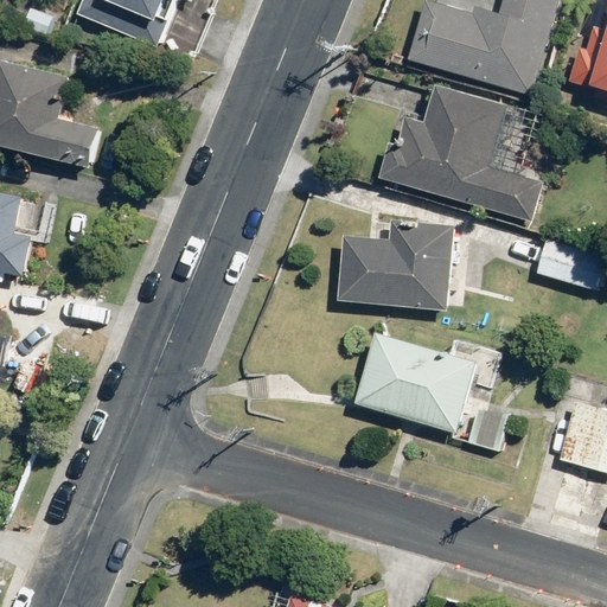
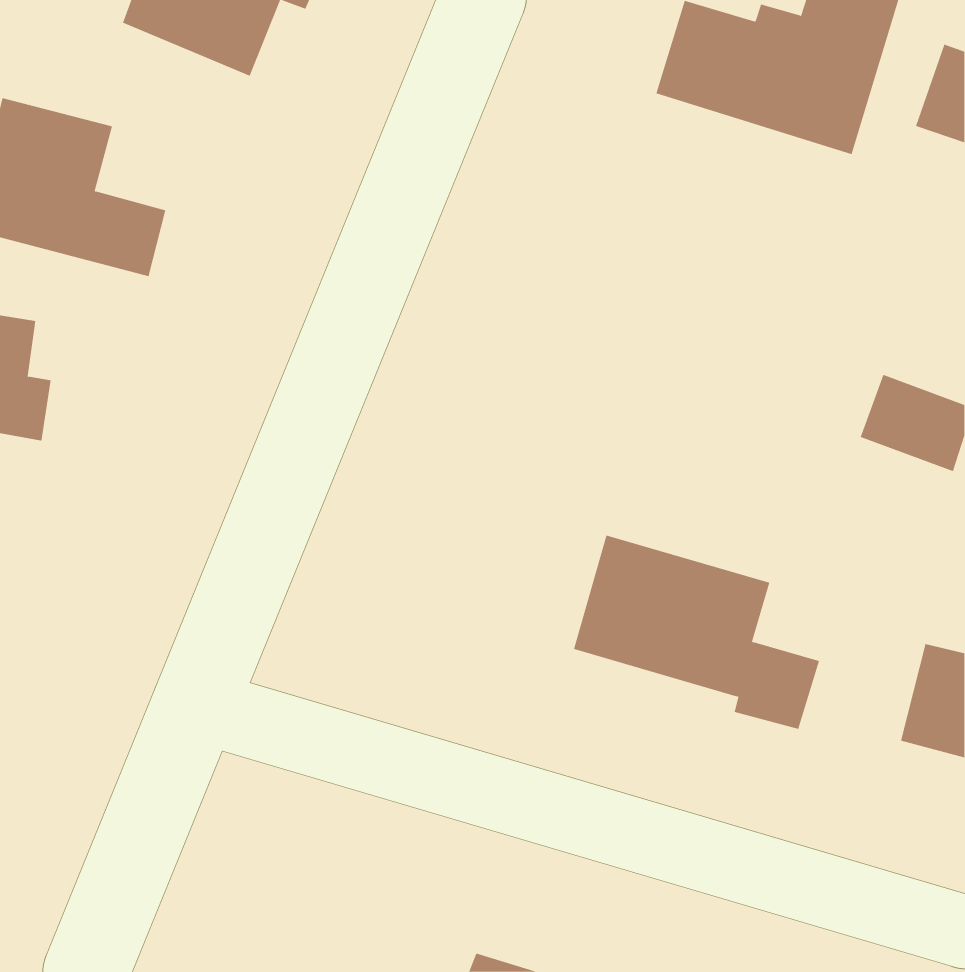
building: [378,83,543,222] -> none
building: [337,222,449,308] -> none

